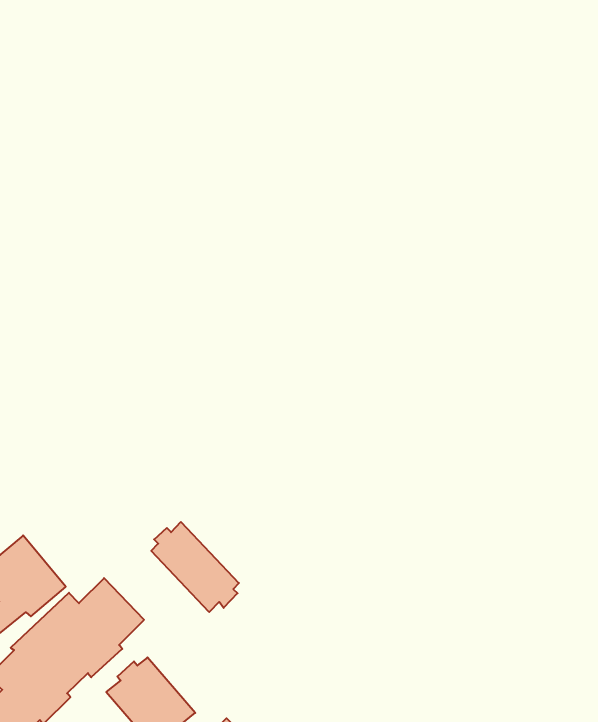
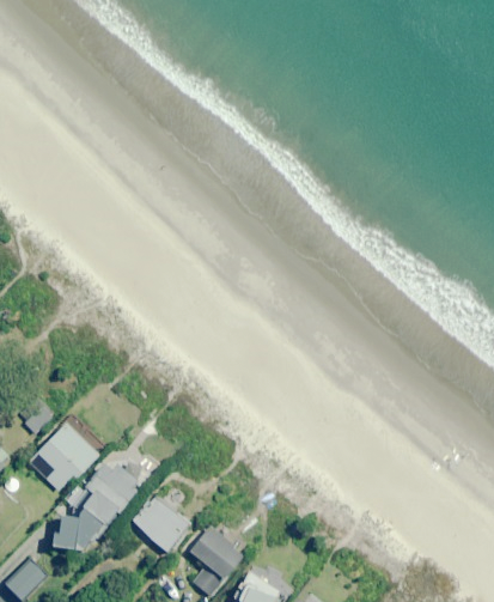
building: [151,522,239,612] -> none

